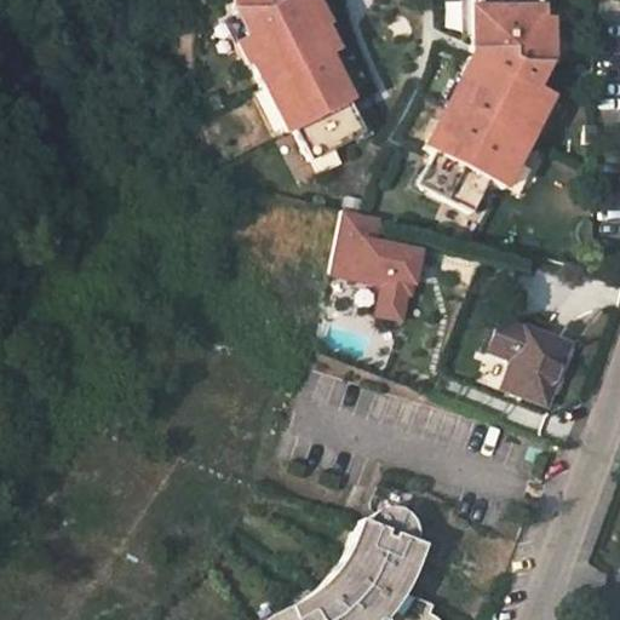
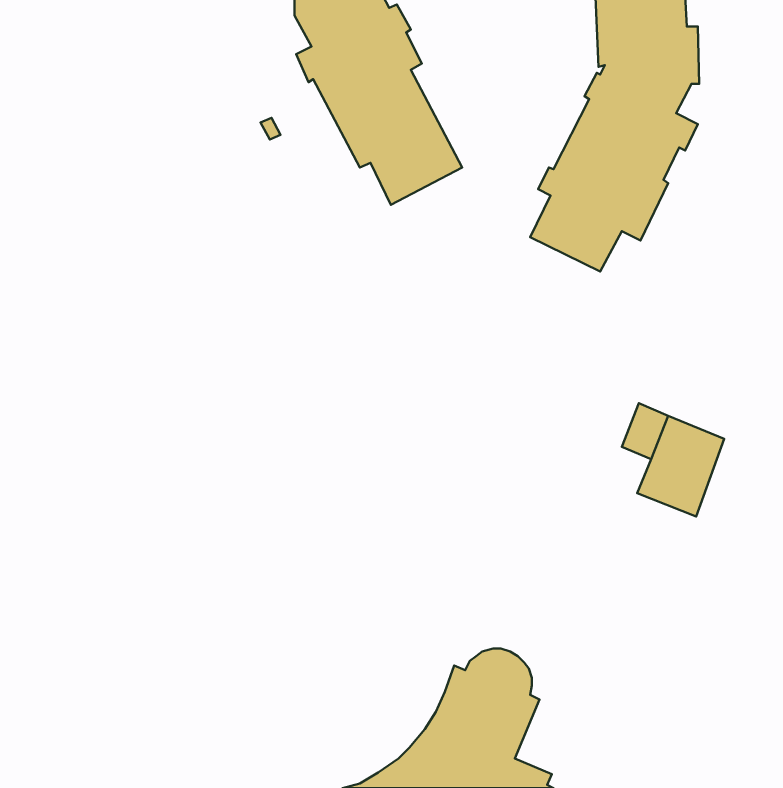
building: [333,208,423,318] -> none

